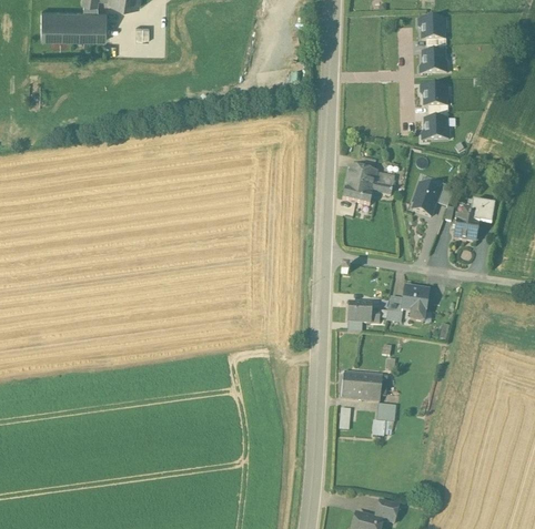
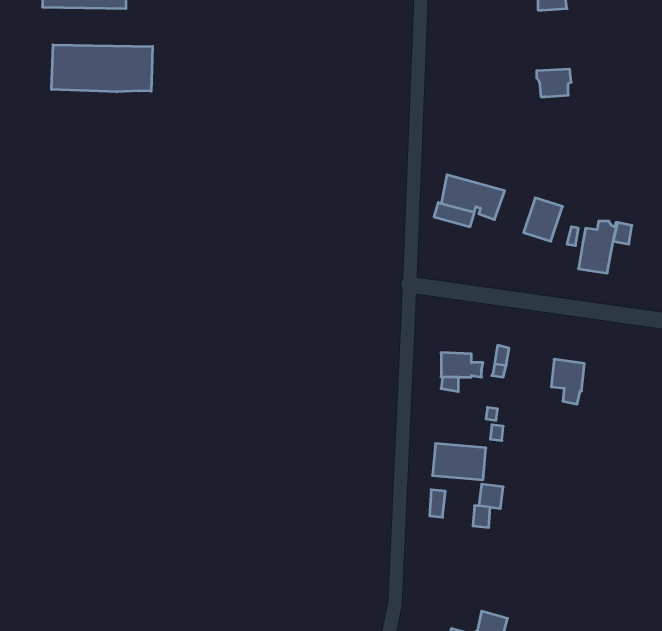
building: [420,50,446,71] -> none
building: none -> [52,45,153,92]
building: [422,116,448,138] -> none
building: [403,286,428,321] -> [551,359,584,404]

